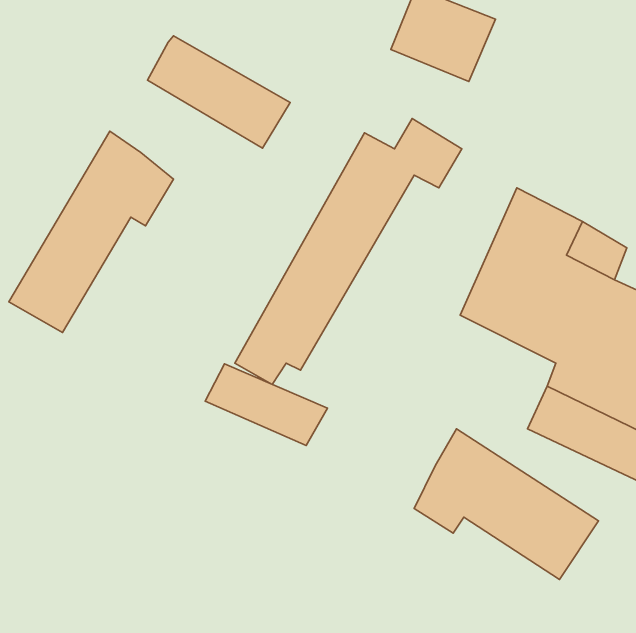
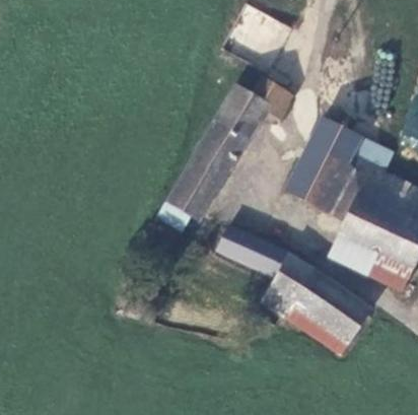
building: [147,36,290,148] -> none
building: [9,131,173,332] -> none
building: [205,364,327,445] -> [213,230,283,277]

